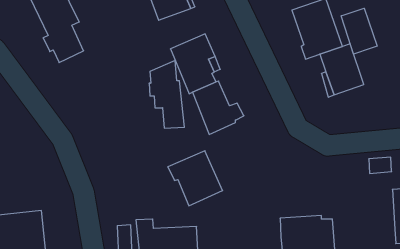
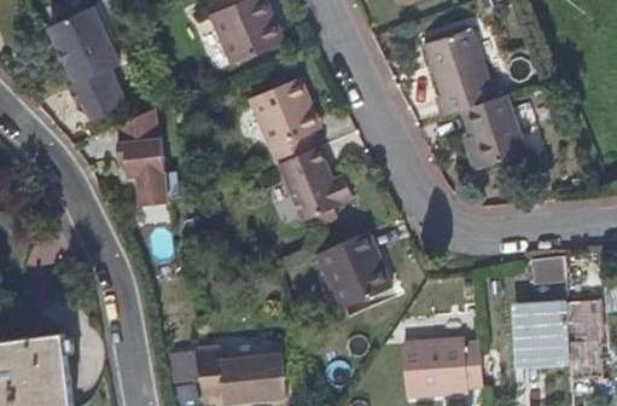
building: [341,8,377,54] -> none
building: [149,60,184,128] -> [117,106,168,203]
building: [168,151,223,206] -> [315,231,394,309]
building: none -> [514,301,569,361]

